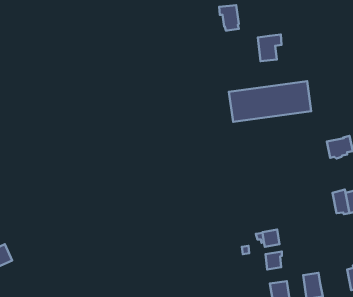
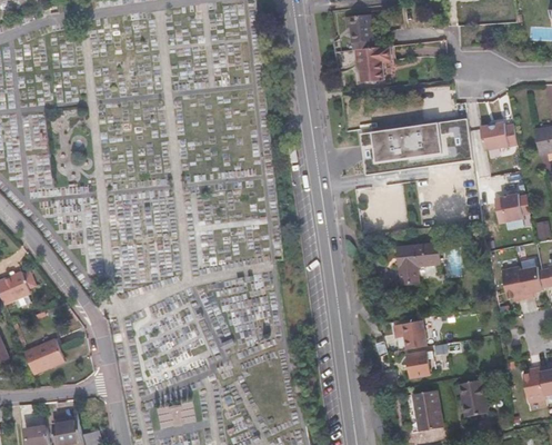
building: [258,34,282,61] -> [358,44,390,81]
building: none -> [478,120,514,148]
building: none -> [399,243,439,281]

